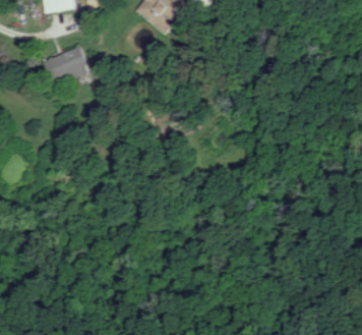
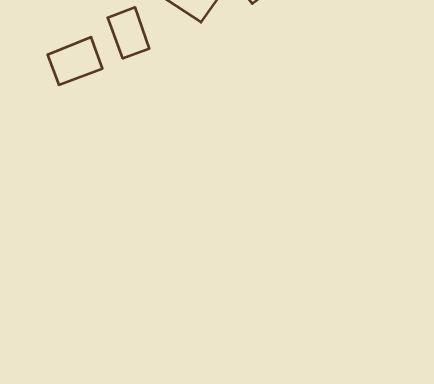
building: none -> [108,7,149,58]

